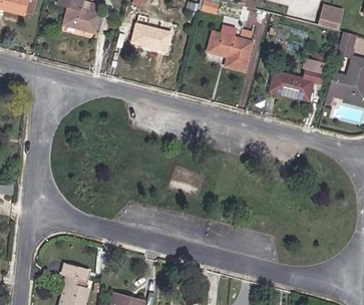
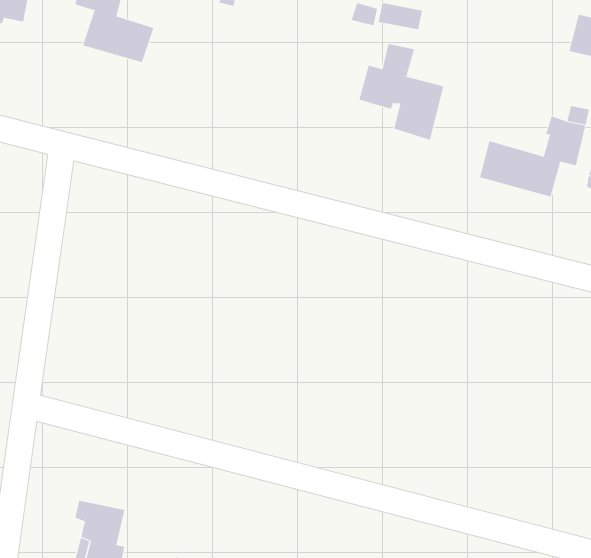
building: [133,26,173,55] -> none

